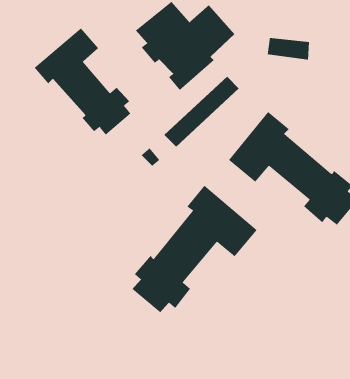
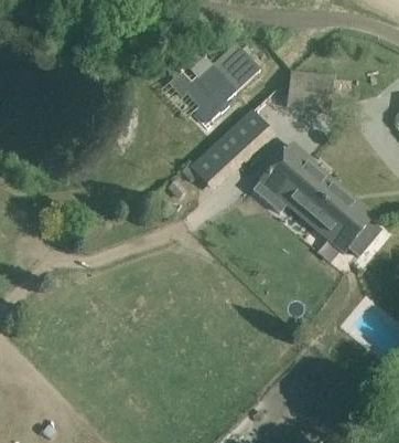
building: [34,27,131,136] -> none
building: [132,185,257,313] -> none

